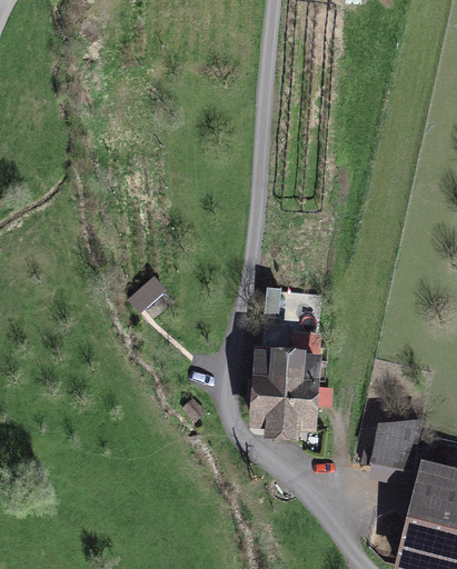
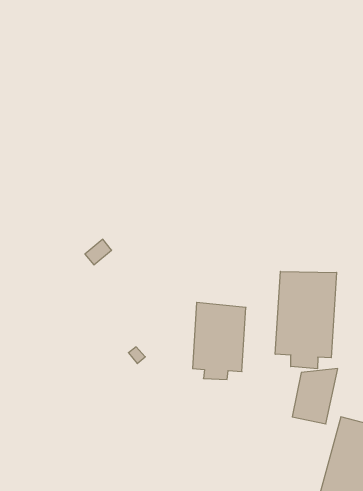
building: none -> [275,271,337,369]

